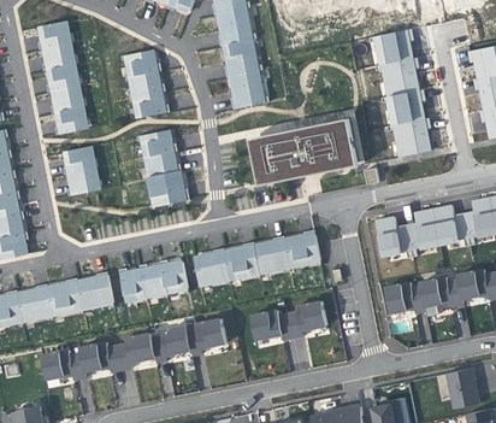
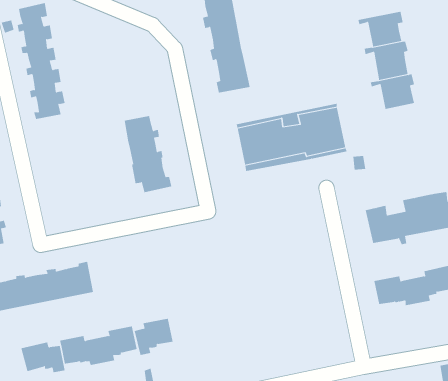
building: [126,51,170,117] -> none
building: [386,118,430,157] -> none
building: [63,146,99,195] -> none
building: [194,230,320,284] -> none
building: [119,259,188,300] -> none
building: [252,301,331,340] -> none
building: [188,318,225,354] -> none

